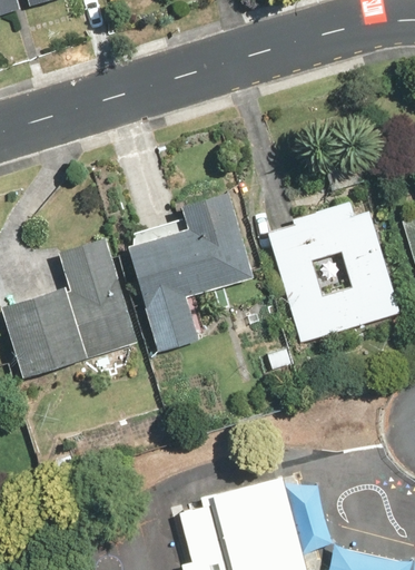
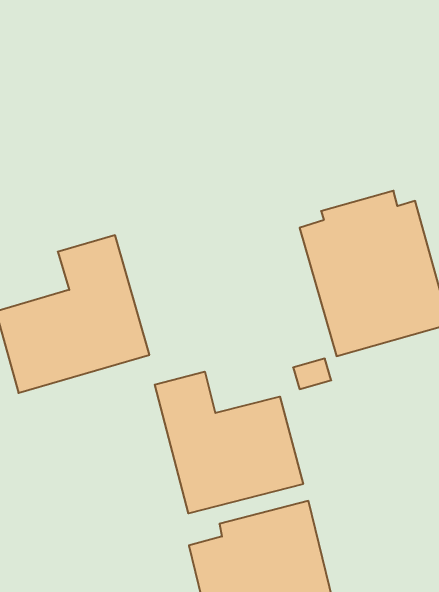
building: [128,190,255,352] -> none
building: none -> [155,372,303,513]

